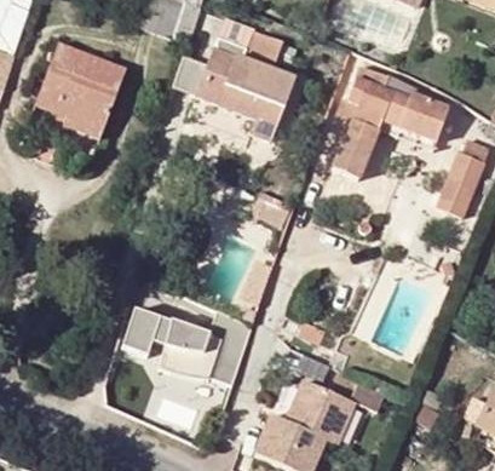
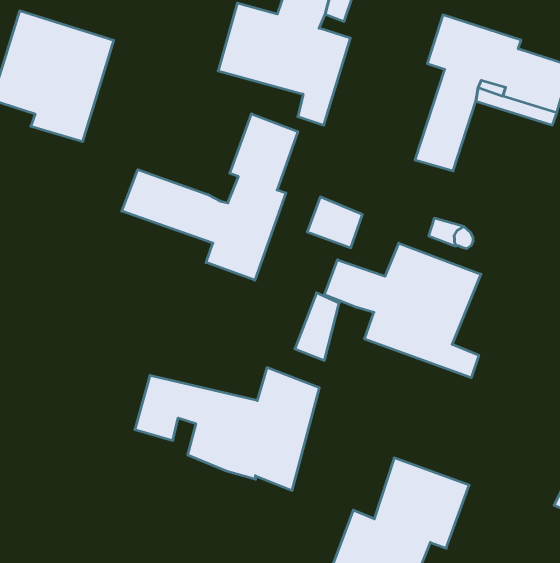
building: none -> [122,114,298,280]
building: none -> [325,243,481,378]

